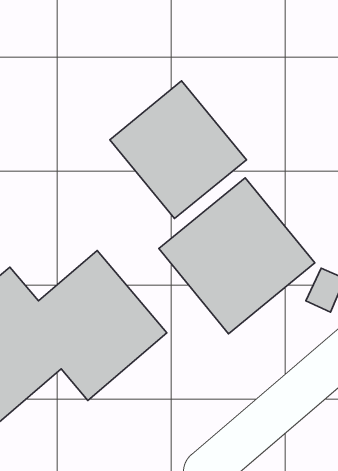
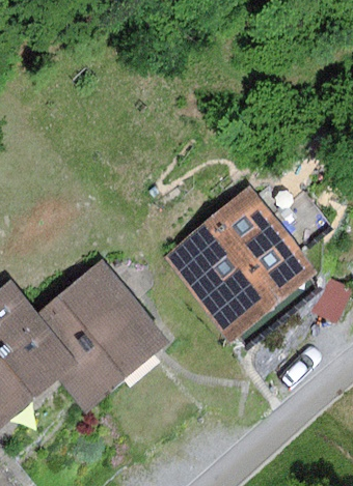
building: [110,81,246,219] -> none

